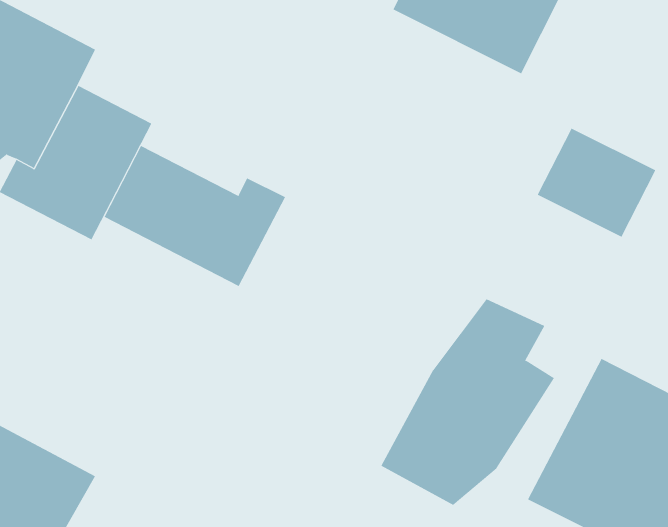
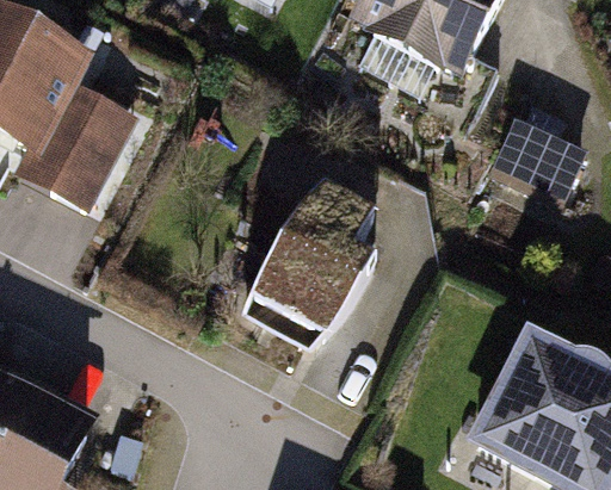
building: [104,145,286,287] -> none
building: [380,298,555,506] -> [230,185,382,365]

